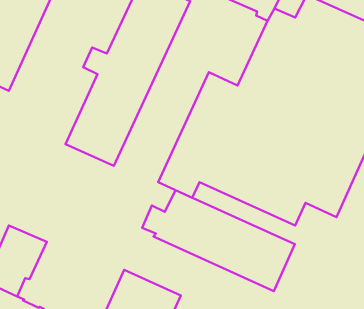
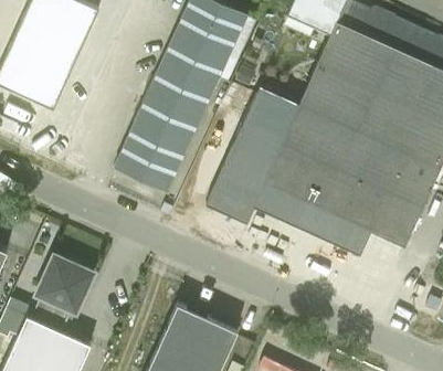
building: [142,190,295,291] -> none

